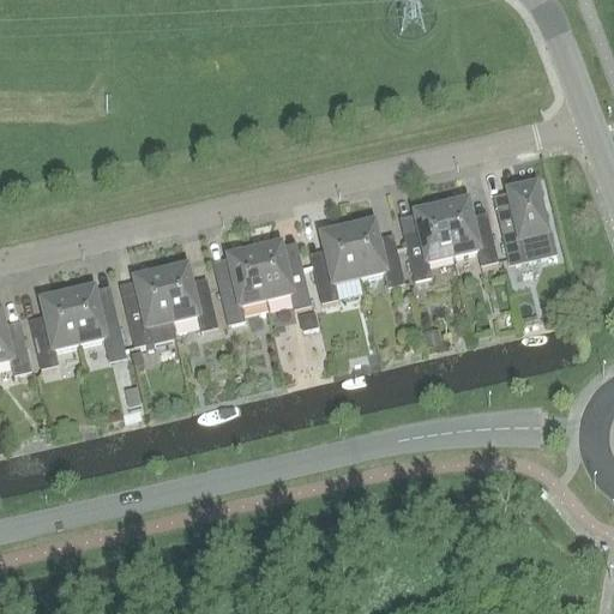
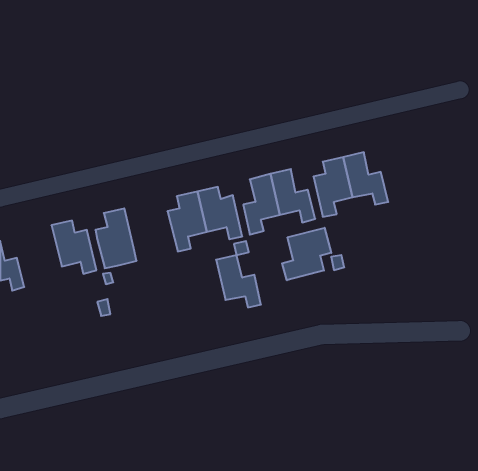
building: [495,179,556,263] -> none
building: [159,261,217,329] -> [216,255,261,307]
building: [31,289,79,366] -> none
building: none -> [282,228,331,280]

